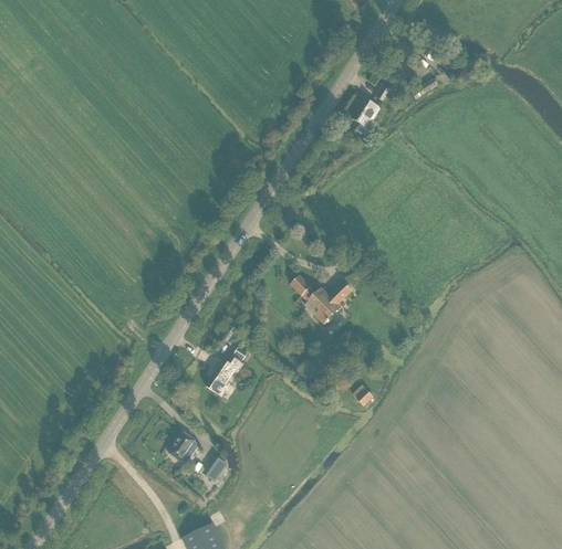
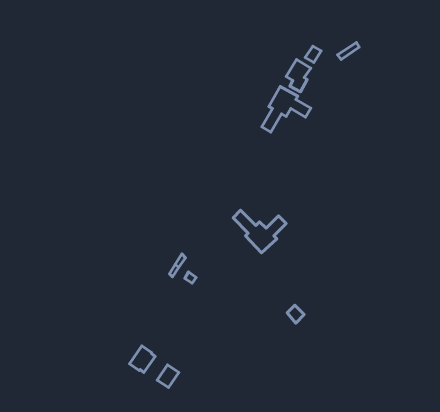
building: none -> [262,86,311,132]
building: [206,357,243,395] -> none

